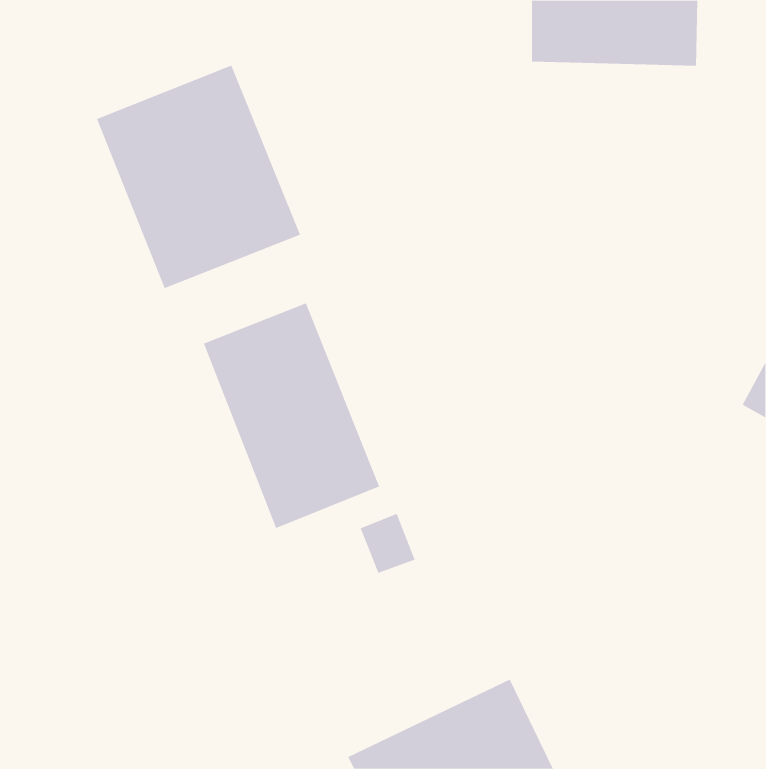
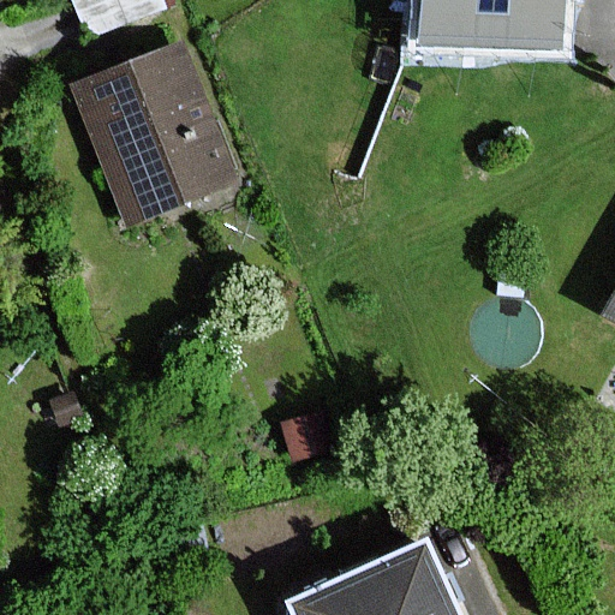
building: [203,302,380,529] -> none

